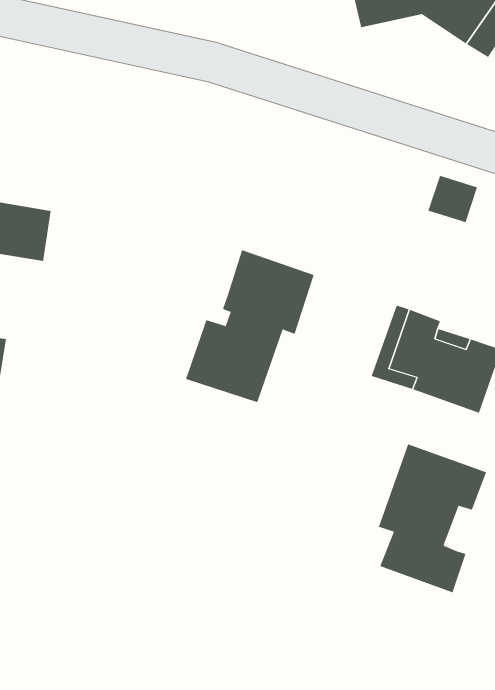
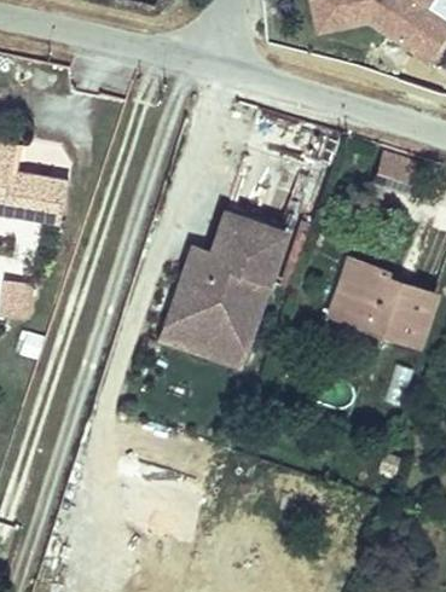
building: none -> [156,242,271,368]
building: [378,443,487,593] -> none

